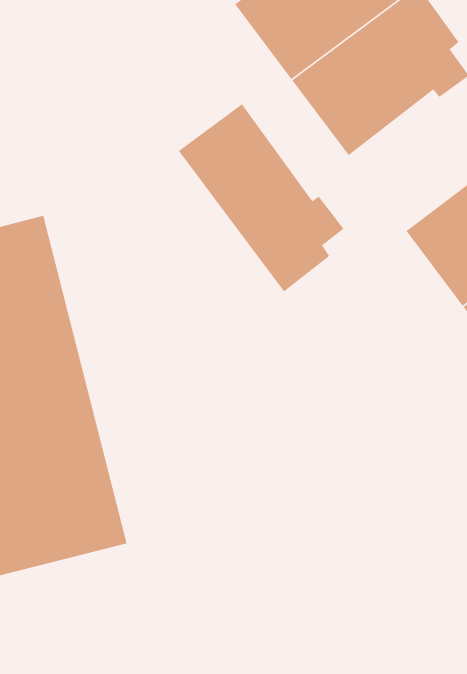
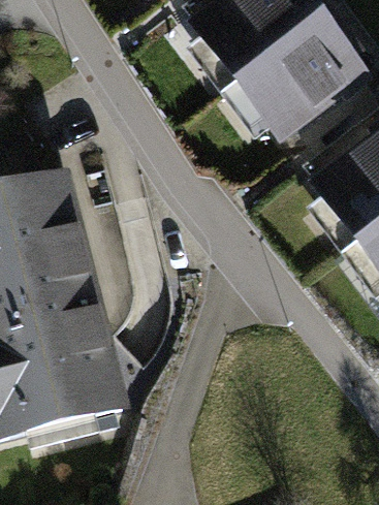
building: [178,103,345,293] -> none

